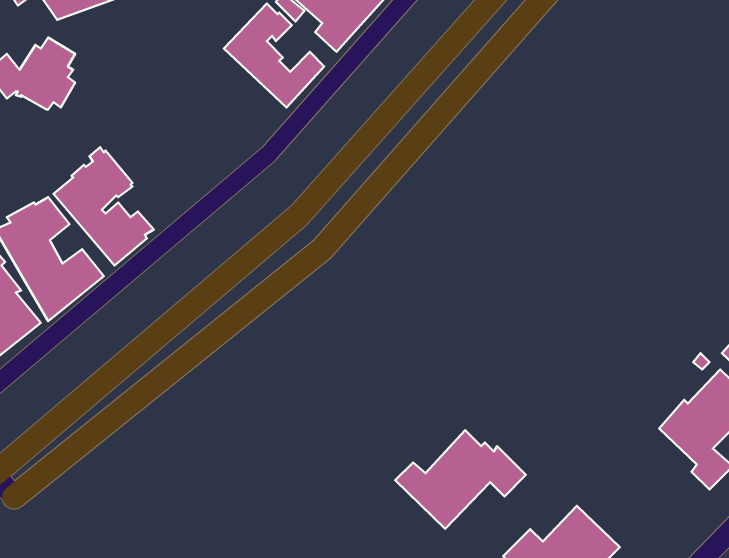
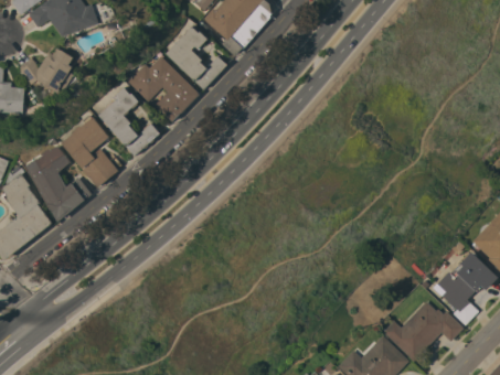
building: none -> [127,56,199,122]
building: none -> [97,87,159,156]
building: [395,430,526,529] -> [382,301,462,362]

